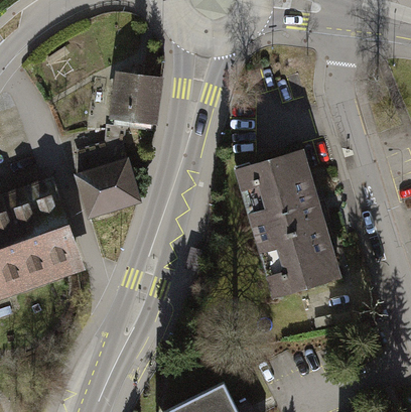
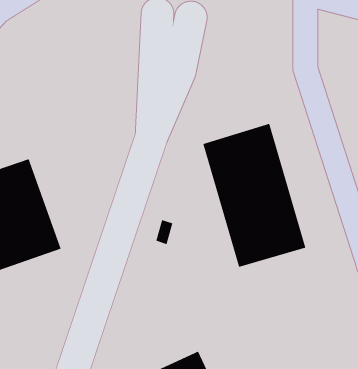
building: [111,76,161,125] -> none
building: [76,124,141,218] -> none

